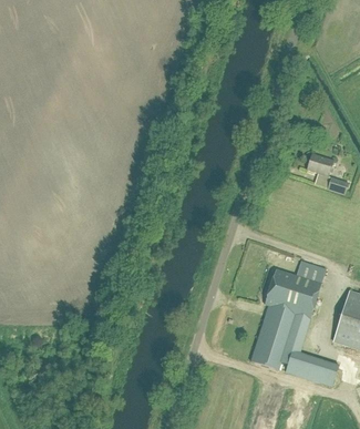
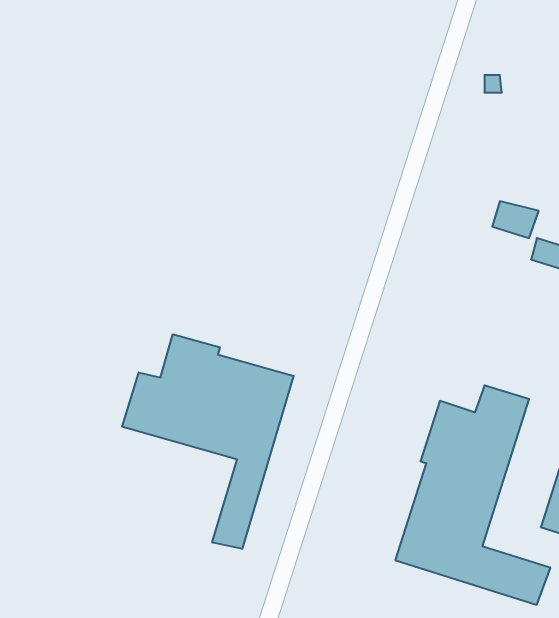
building: none -> [122,334,294,549]

